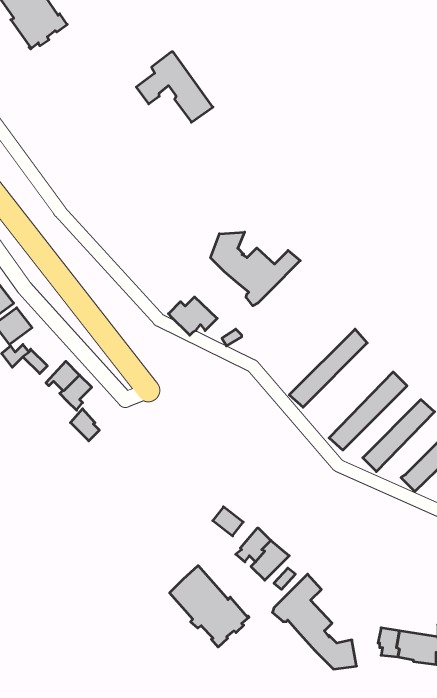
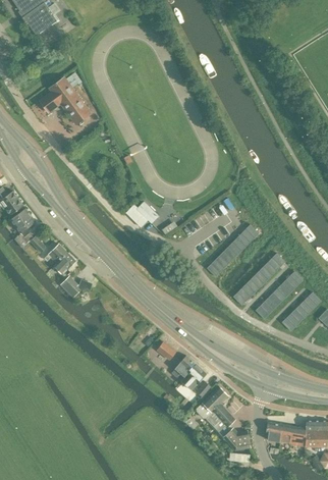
building: [136,52,213,122] -> [40,77,91,124]
building: [211,232,300,306] -> none
building: [170,566,249,647] -> none

